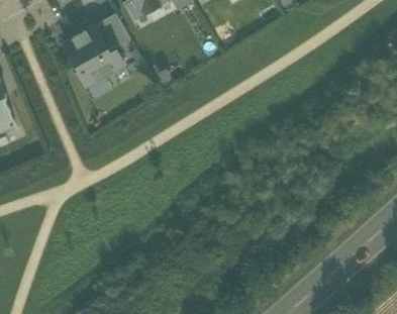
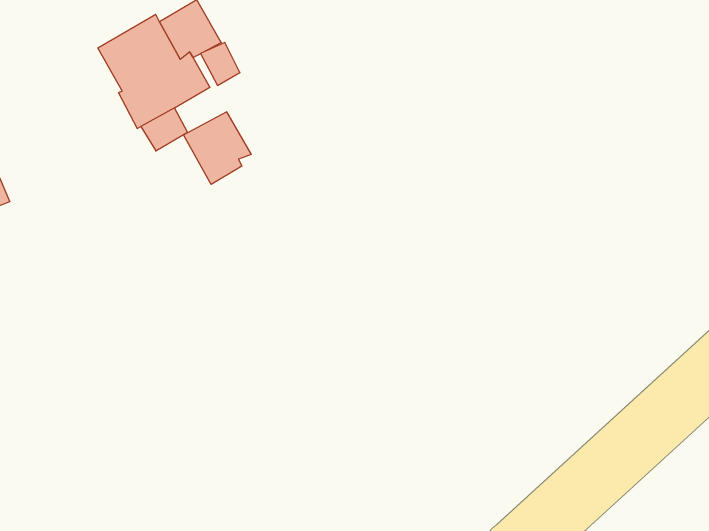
building: none -> [183,112,251,184]

